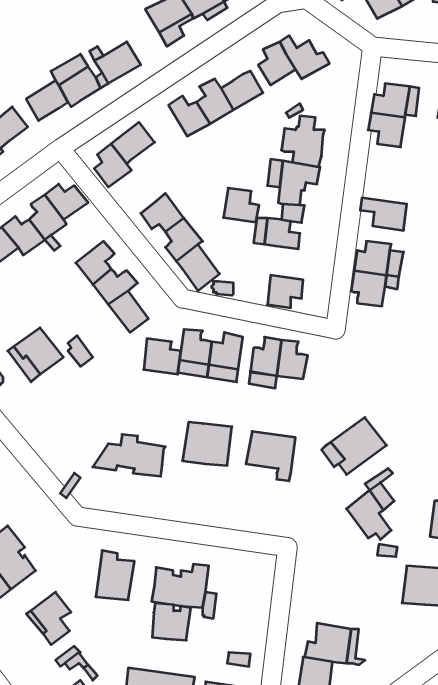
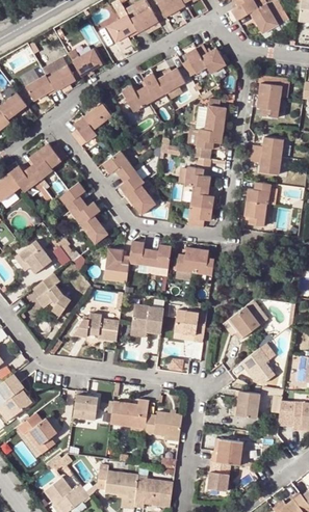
building: none -> [251,137,283,157]
building: [223,188,259,222] -> [189,185,213,208]
building: none -> [32,272,70,316]
building: none -> [233,388,259,416]
building: [152,603,191,640] -> [155,412,181,437]

